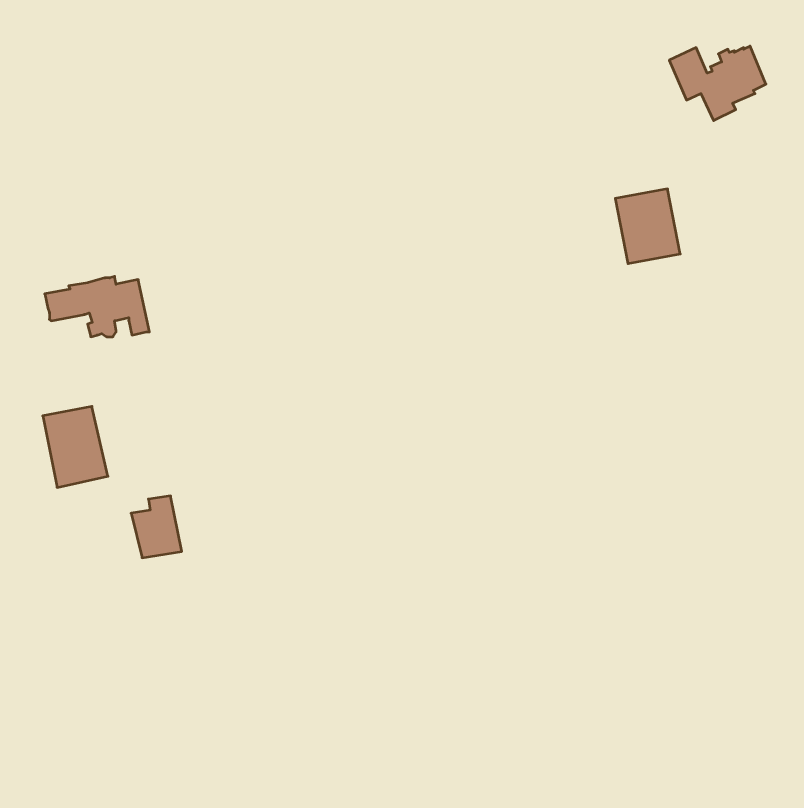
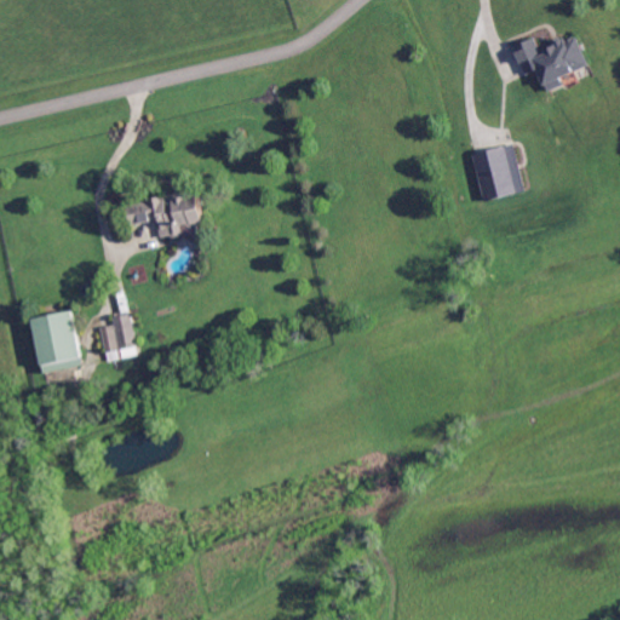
building: [45,276,149,337] -> [124,190,203,236]
building: [131,496,182,558] -> [98,312,137,360]

